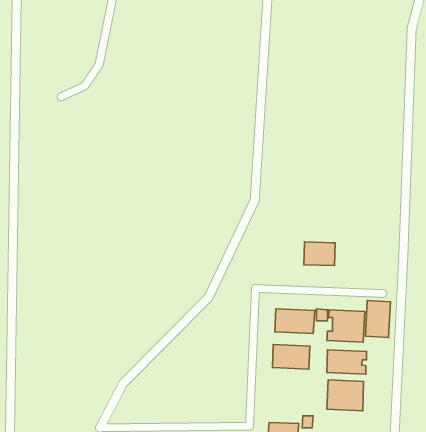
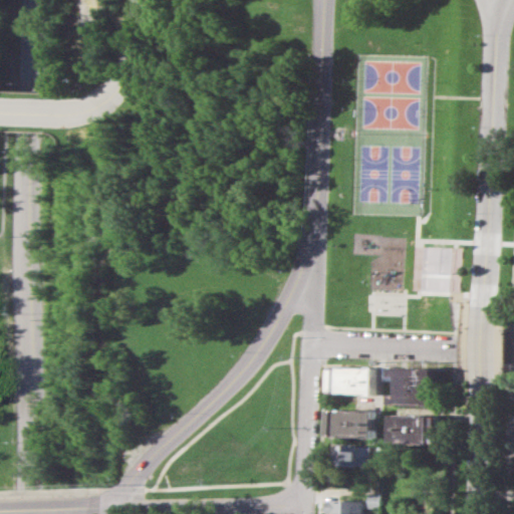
building: [366,301,390,337] -> none
building: none -> [327,446,360,468]
building: [327,380,363,411] -> none

